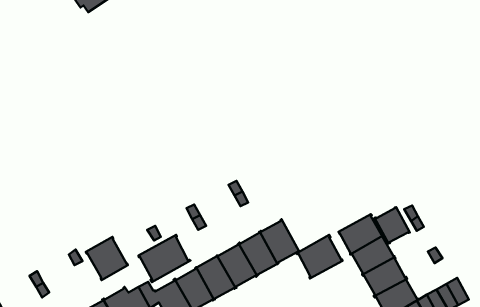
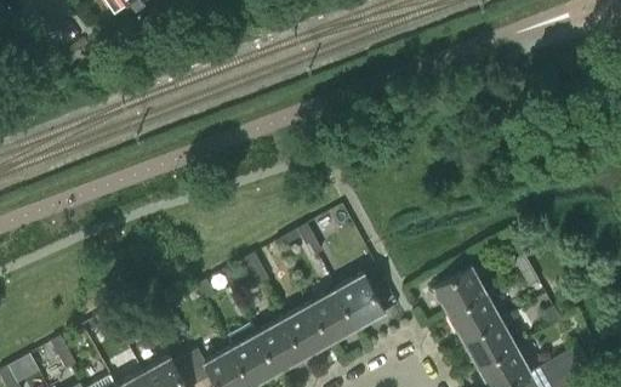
building: [375,207,410,243] -> none
building: [138,235,190,282] -> none
building: [296,235,343,279] -> none
building: [86,237,128,280] -> none

